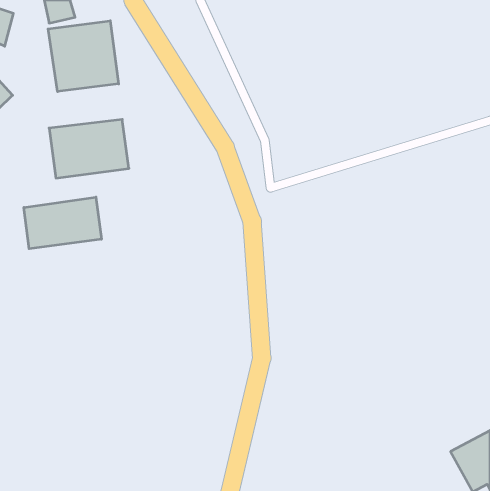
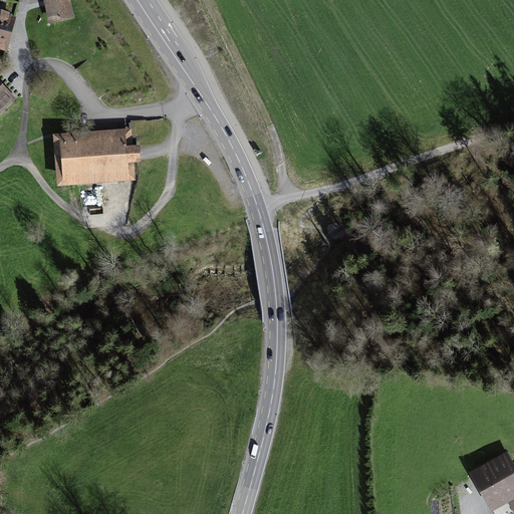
building: [48,21,119,92] -> none
building: [24,197,101,249] -> none

